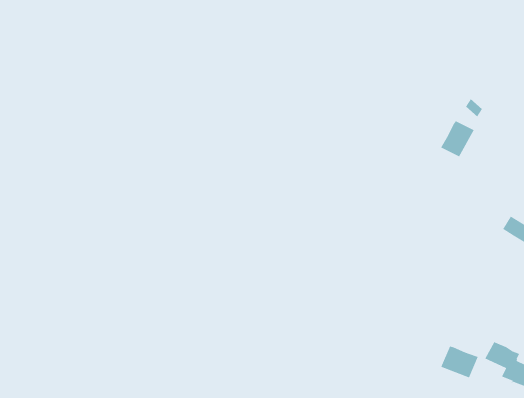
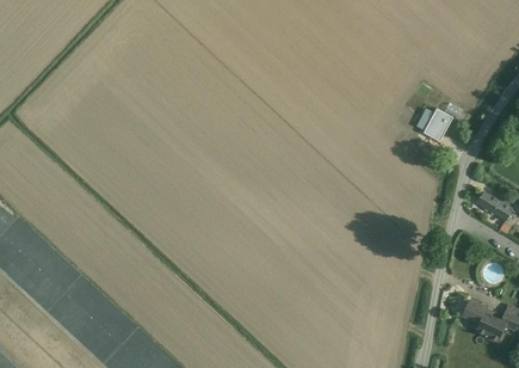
building: [440,345,479,378] -> none

